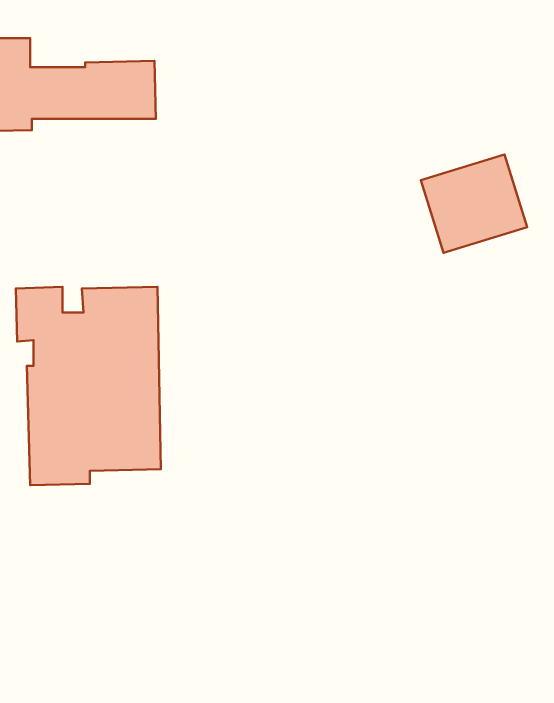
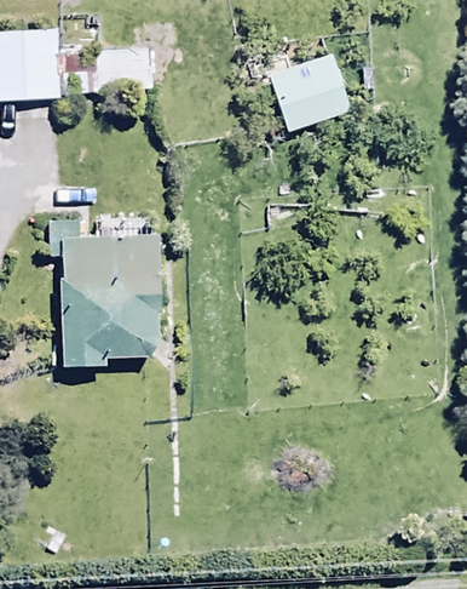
building: [421,154,527,253] -> [270,56,350,130]

